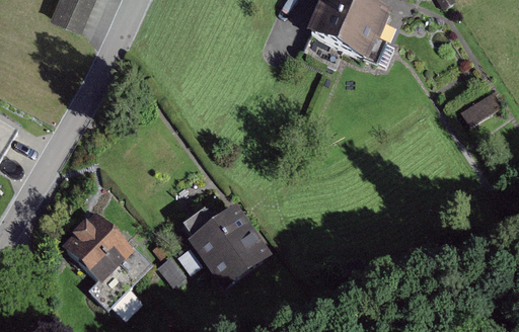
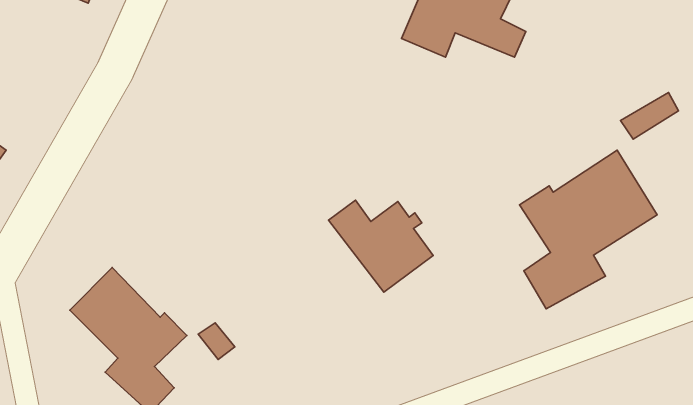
building: none -> [519,150,657,309]
building: [187,214,262,279] -> [329,200,433,292]

